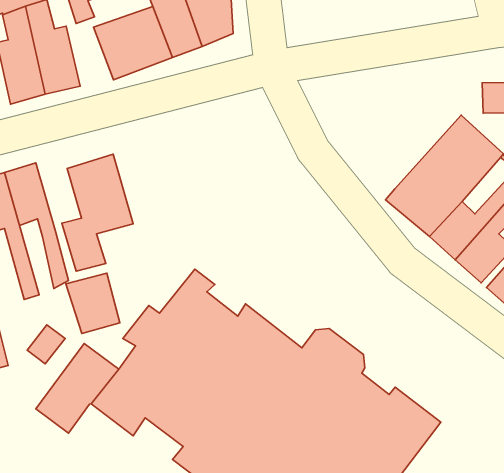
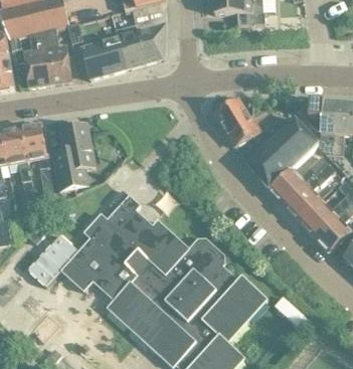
building: none -> [214,99,260,146]
building: [66,273,120,334] -> none

